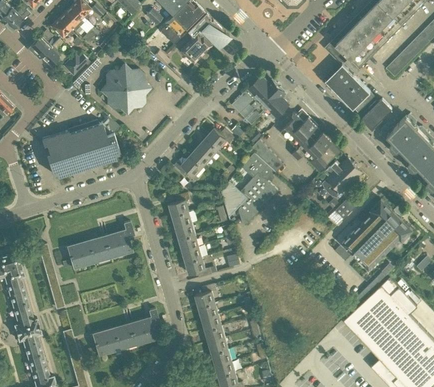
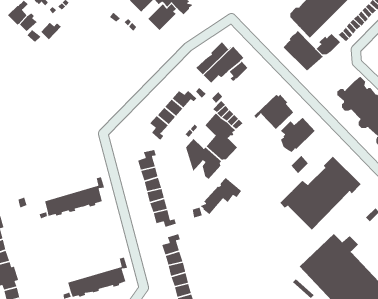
building: [99,63,150,114] -> none
building: [364,98,391,122] -> [316,33,341,55]
building: [280,111,319,156] -> none
building: [45,115,119,177] -> none
building: none -> [200,177,242,215]

